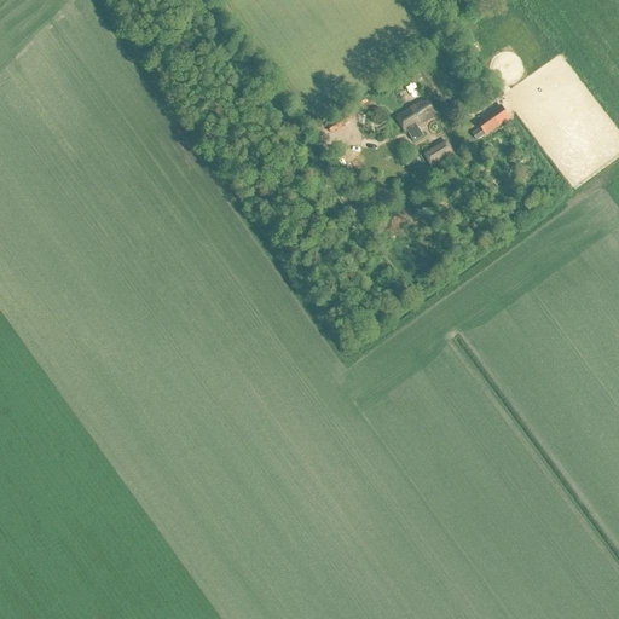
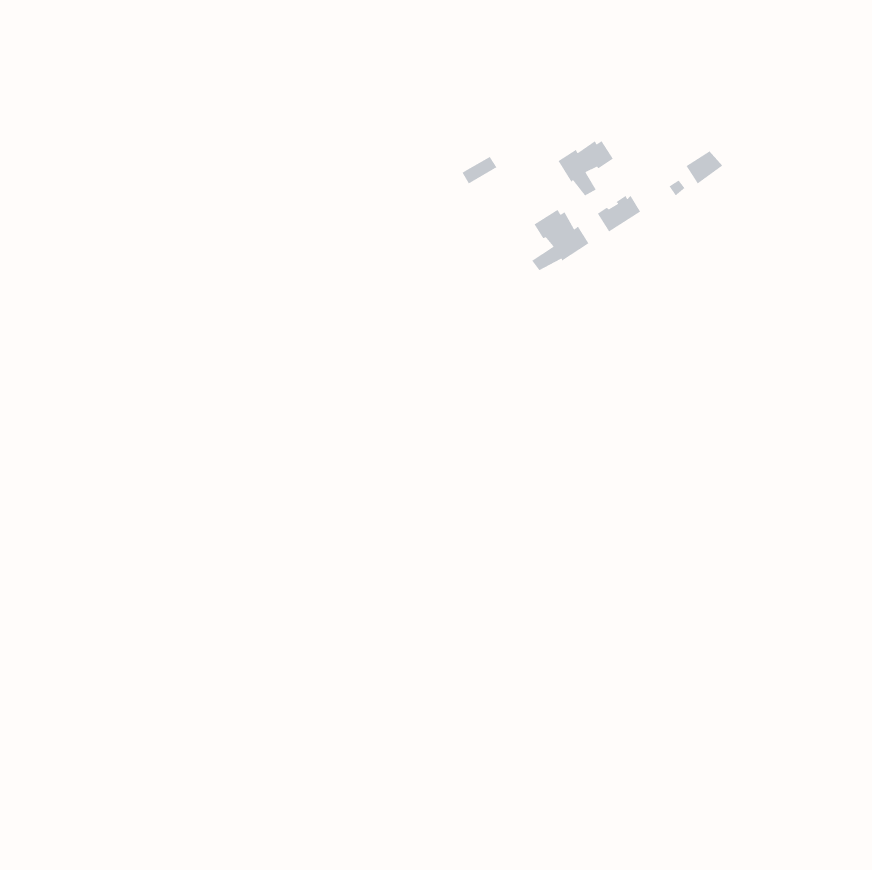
building: none -> [531,209,590,271]

